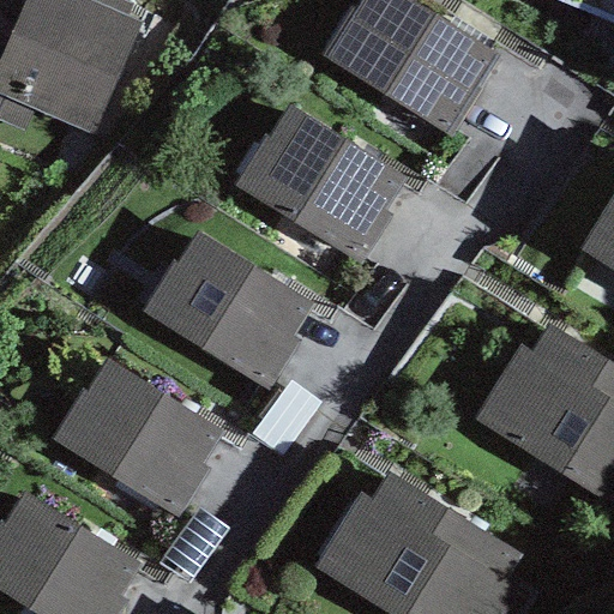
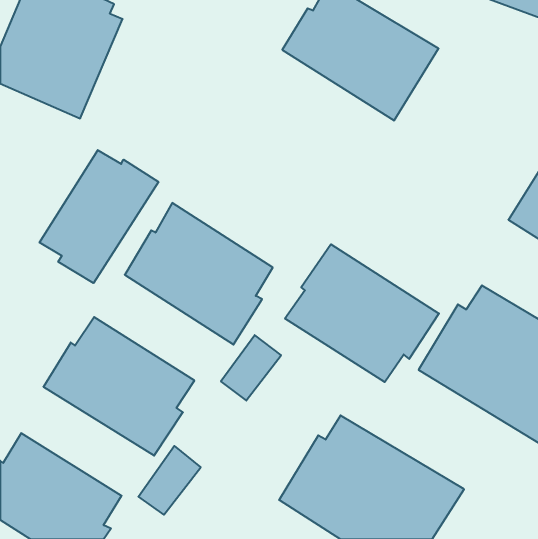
building: [234,106,403,264] -> none
building: none -> [40,150,158,283]
building: none -> [285,244,439,382]

